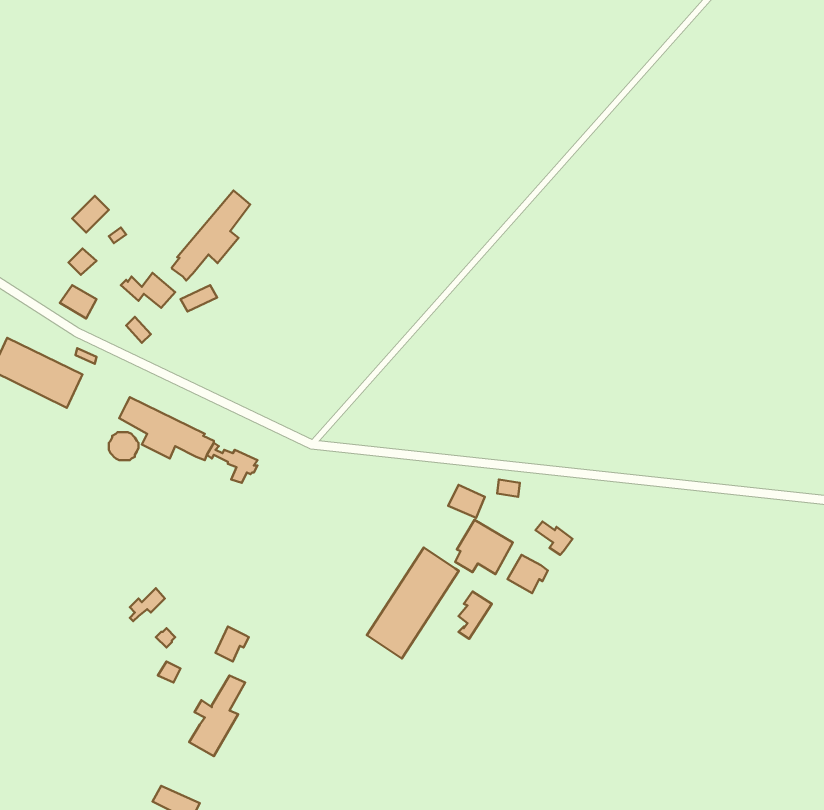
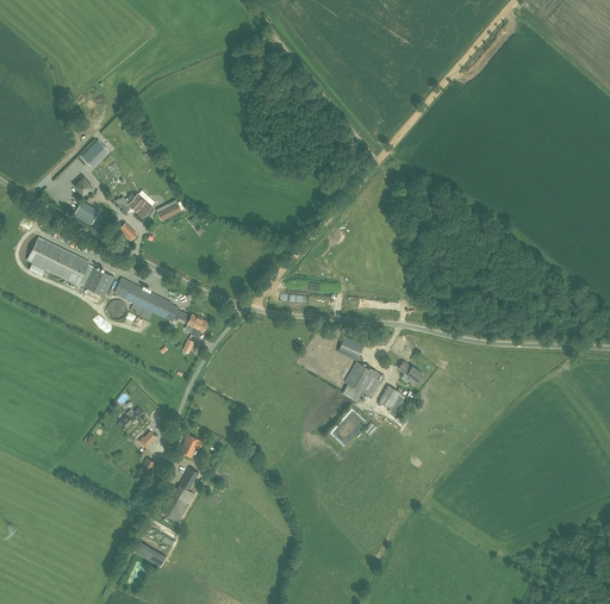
building: [172,191,250,280] -> none
building: none -> [82,267,113,297]
building: [367,548,459,659] -> none

